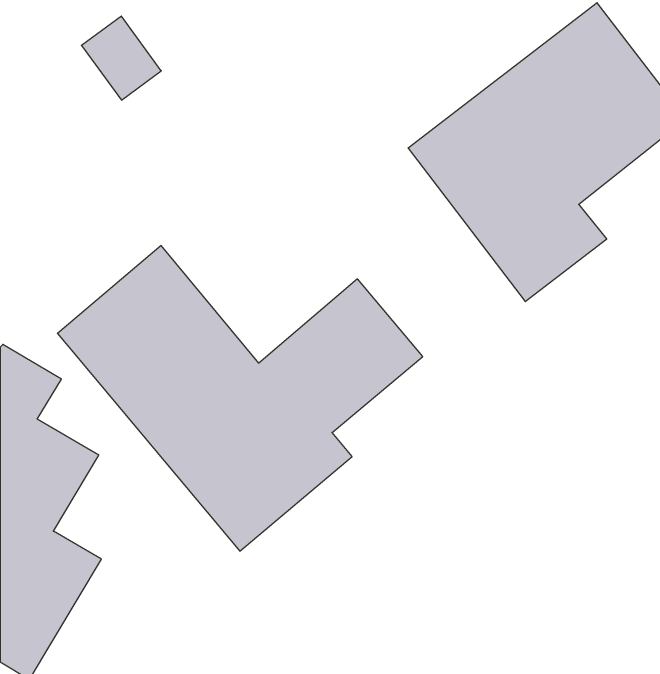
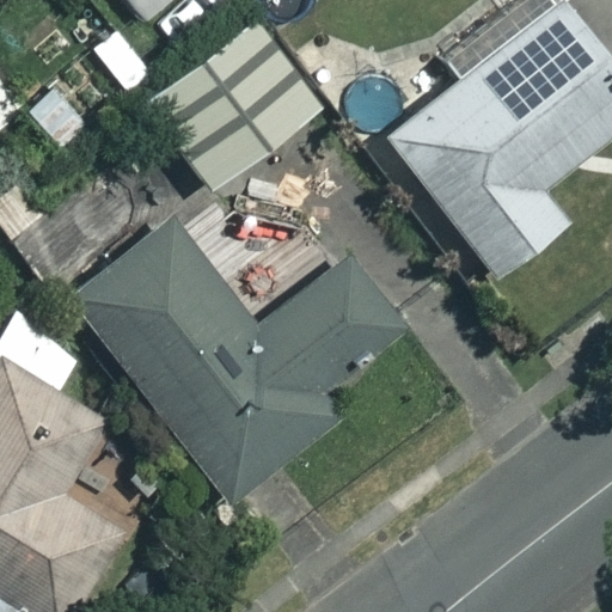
building: none -> [139,13,320,192]

